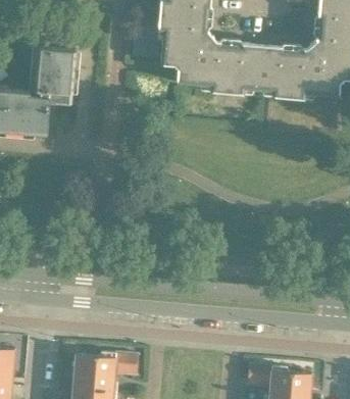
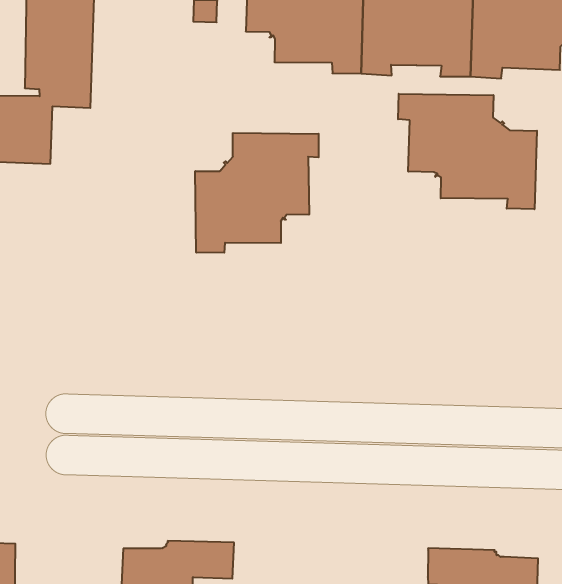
building: none -> [398,94,537,209]
building: none -> [195,133,319,253]

